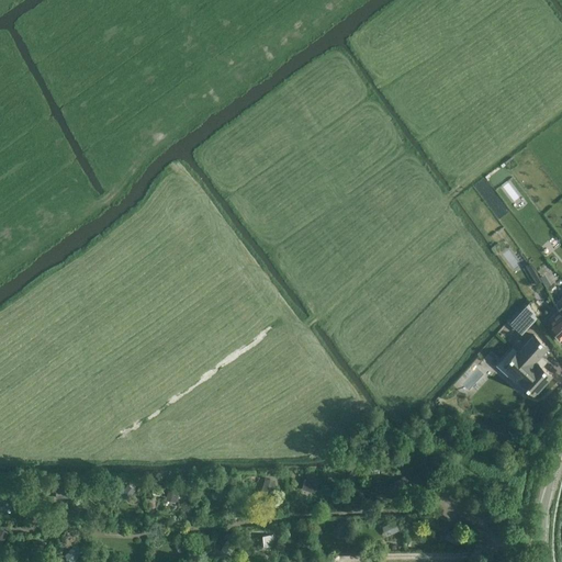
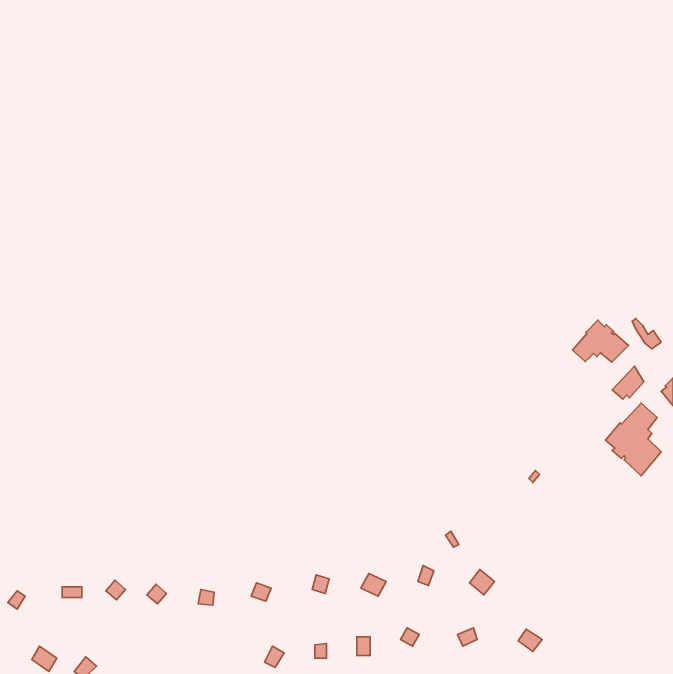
building: none -> [572,320,628,362]

